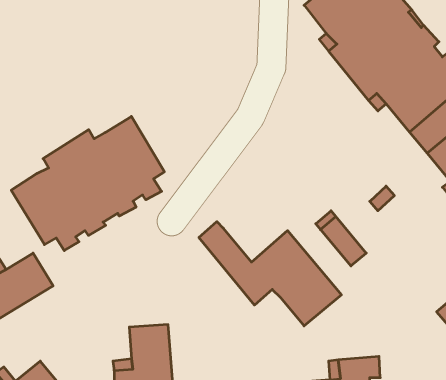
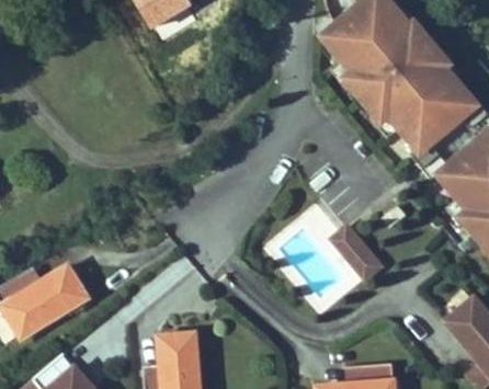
building: [11,116,164,251] -> none
building: [199,222,341,326] -> none

